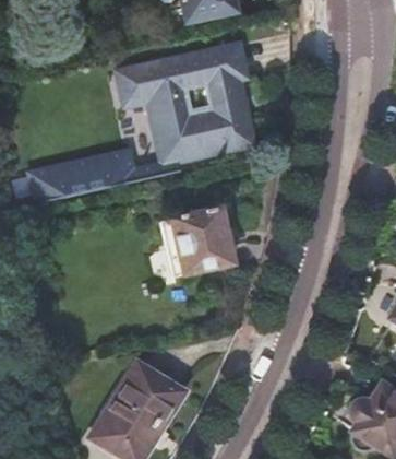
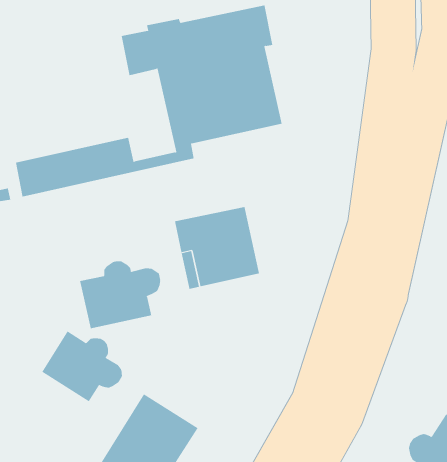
building: none -> [80,261,161,329]
building: none -> [41,331,122,402]

